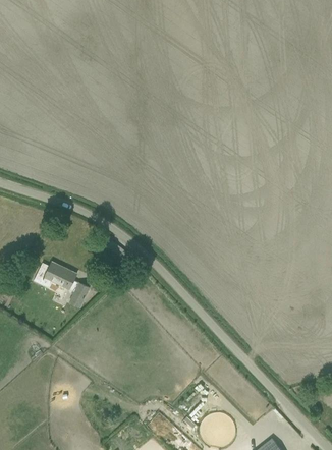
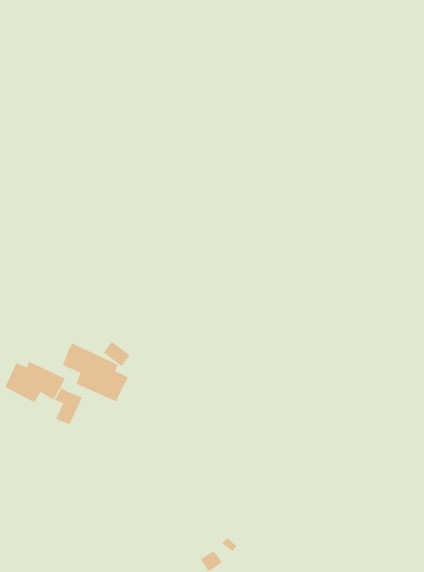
building: none -> [62,342,128,402]

